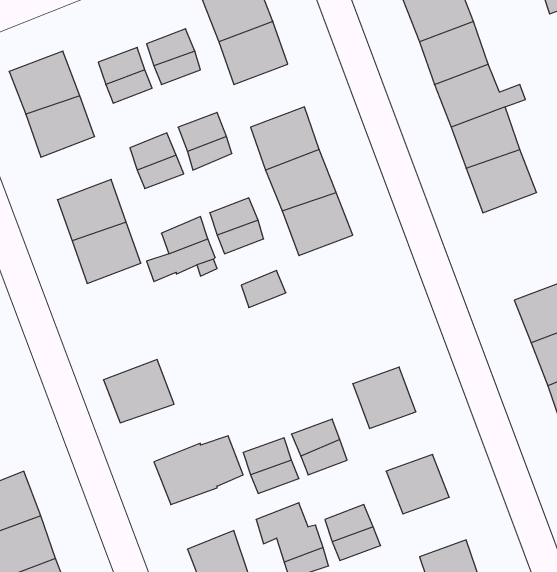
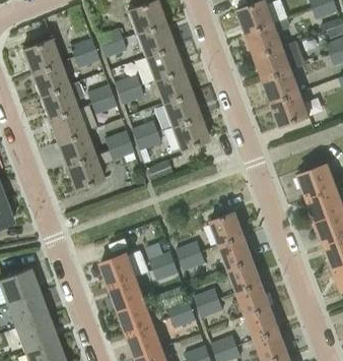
building: none -> [144,46,183,80]
building: none -> [39,81,85,120]
building: [103,360,174,423] -> [64,155,102,189]
building: none -> [218,236,253,268]
building: none -> [110,278,144,311]
building: none -> [236,283,271,315]

